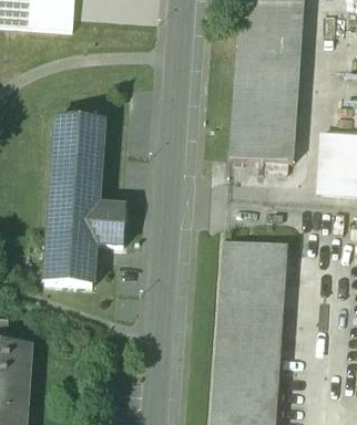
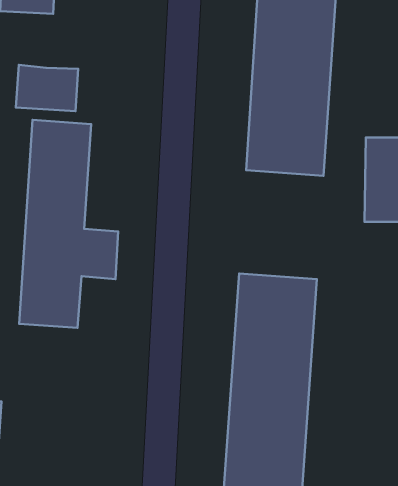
building: none -> [16,65,78,111]

